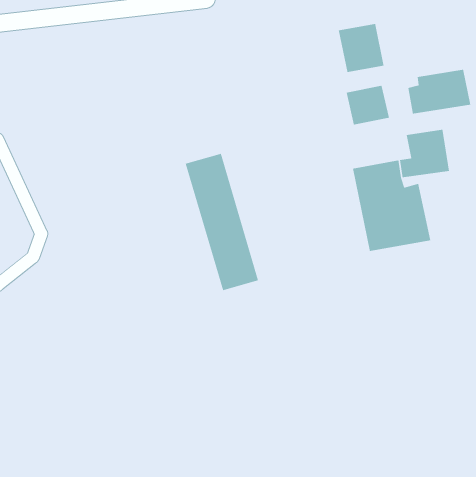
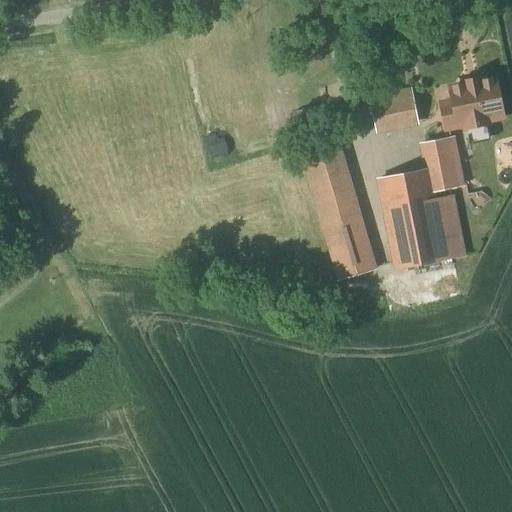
building: [338,23,384,73] -> none
building: [185,153,259,291] -> [299,133,378,280]

